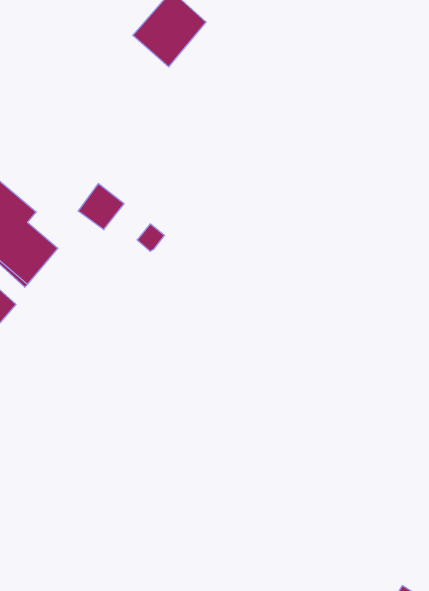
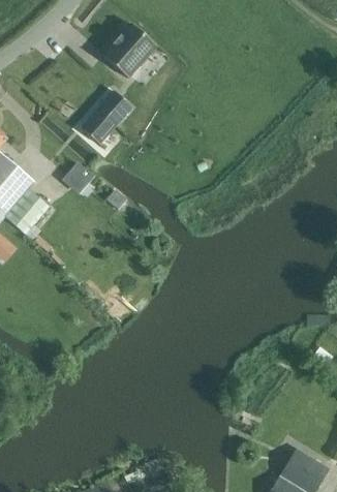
building: none -> [81,91,132,145]

